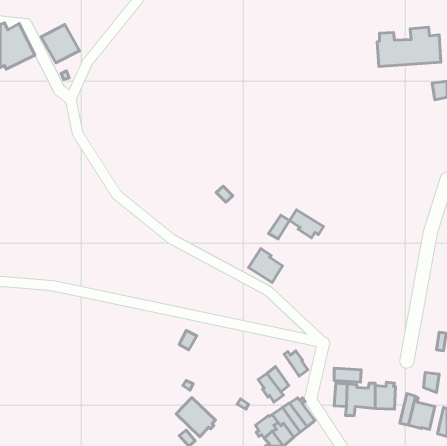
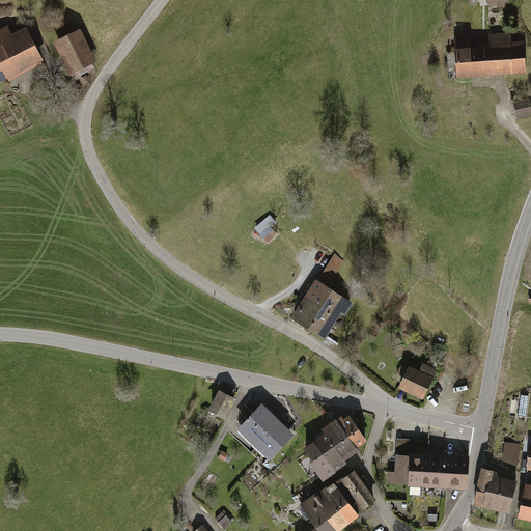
building: [290,210,324,238] -> [309,282,350,315]
building: none -> [401,368,430,395]
building: none -> [323,420,357,457]
building: [176,397,216,437] -> [242,406,288,452]

